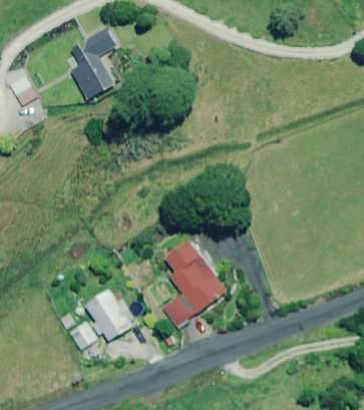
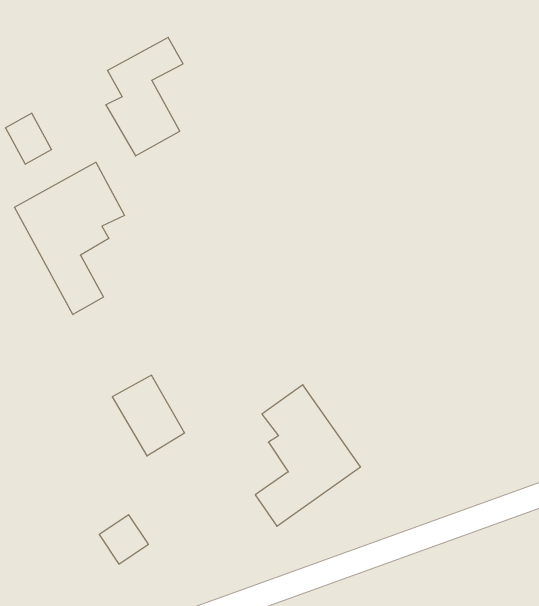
building: none -> [14,162,124,315]
building: [86,292,130,341] -> [112,375,185,456]

